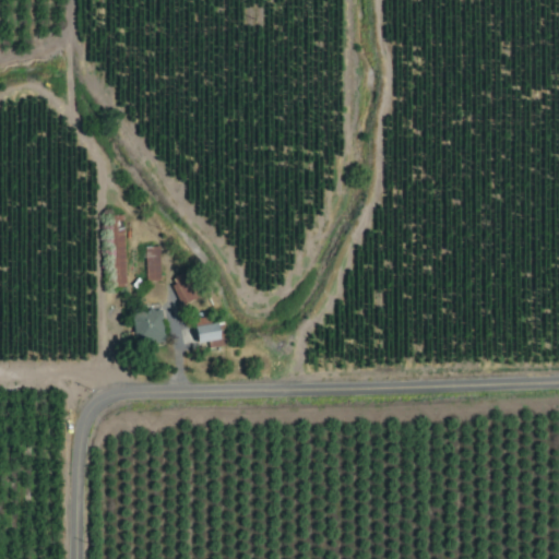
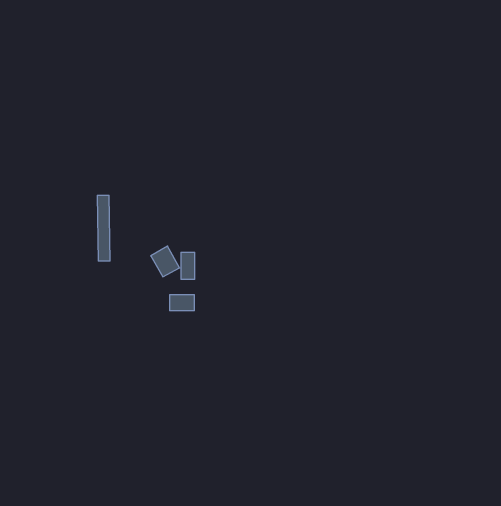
building: [148,247,164,276] -> [181,252,195,279]
building: [135,311,164,342] -> none

